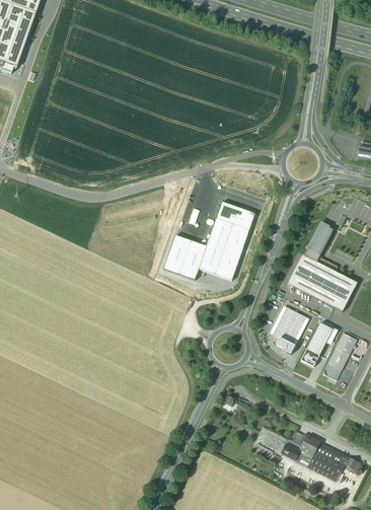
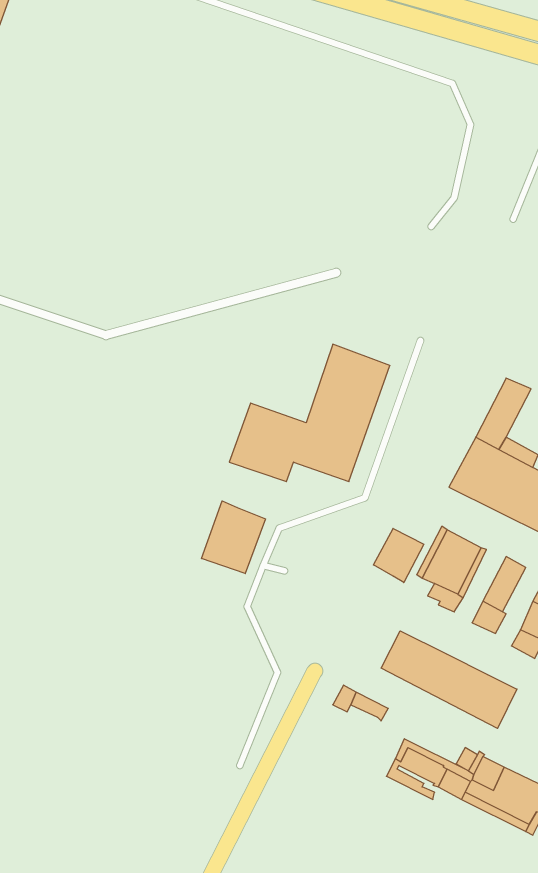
building: none -> [202,501,266,574]
building: none -> [373,528,424,583]
building: none -> [381,631,517,728]

